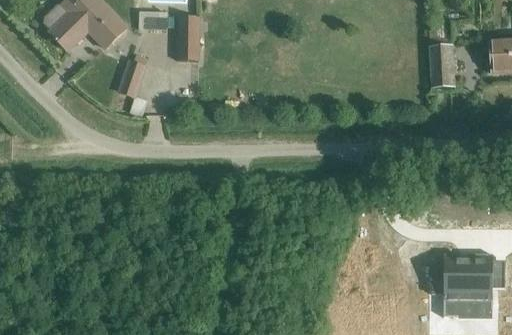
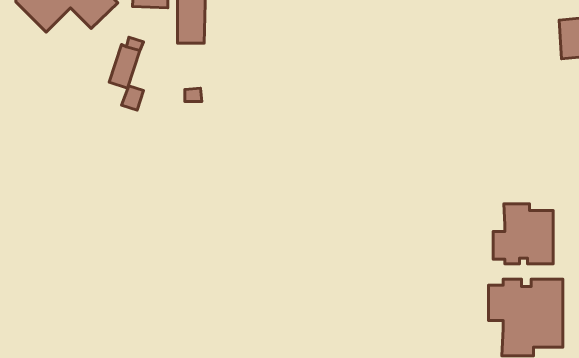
building: [429,38,454,87] -> none
building: none -> [493,204,553,264]

